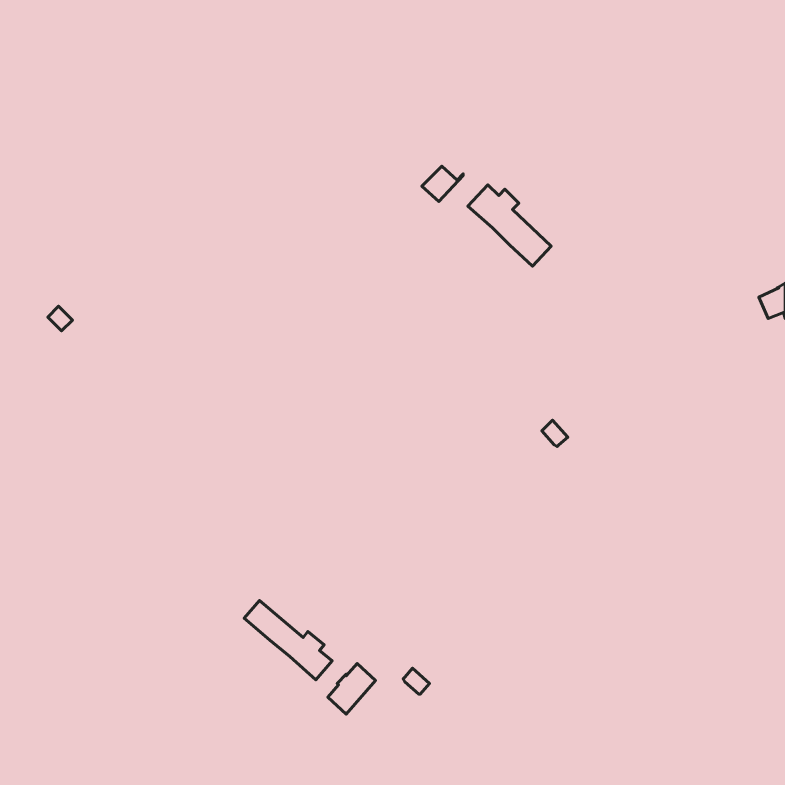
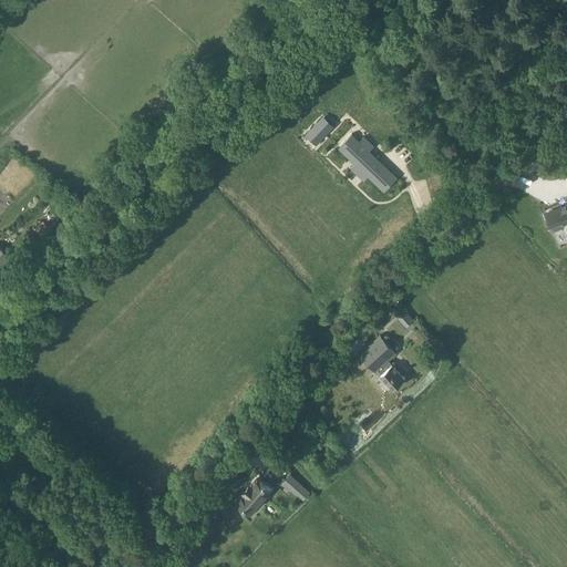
building: none -> [359,336,404,389]
building: [244,601,332,680] -> none

